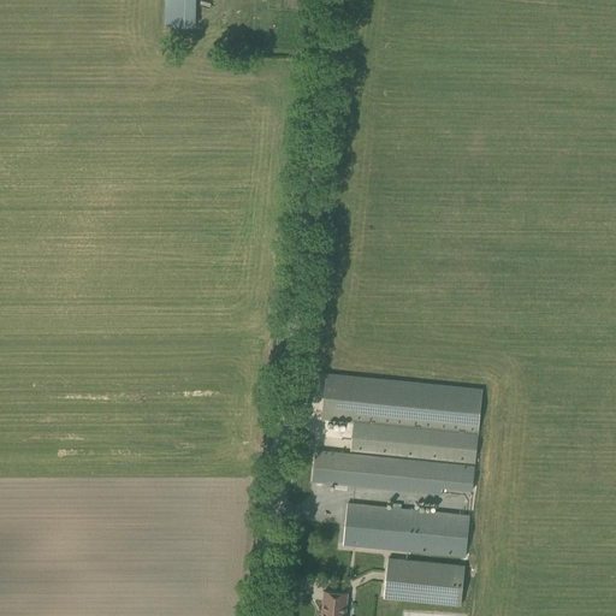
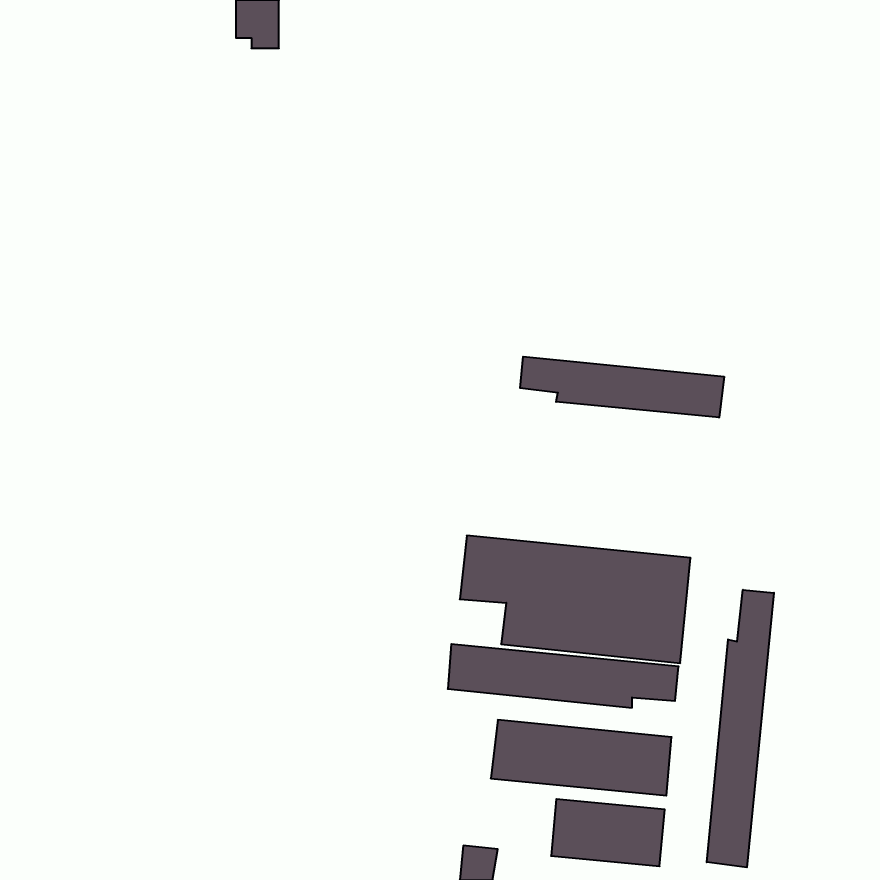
building: none -> [520,357,724,418]
building: none -> [707,590,774,867]

